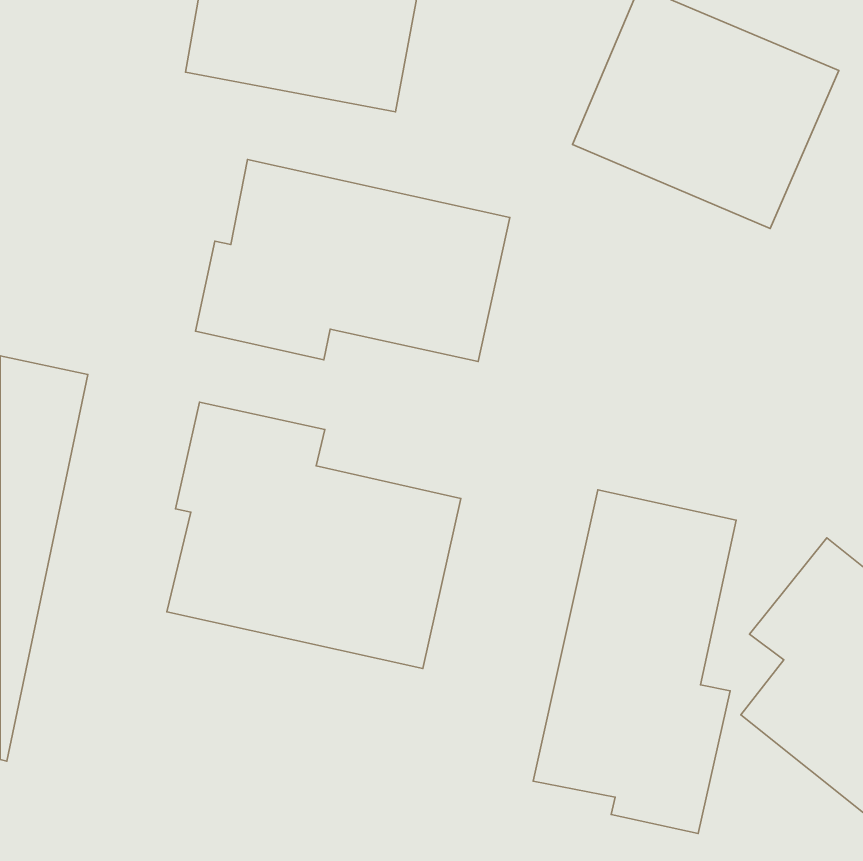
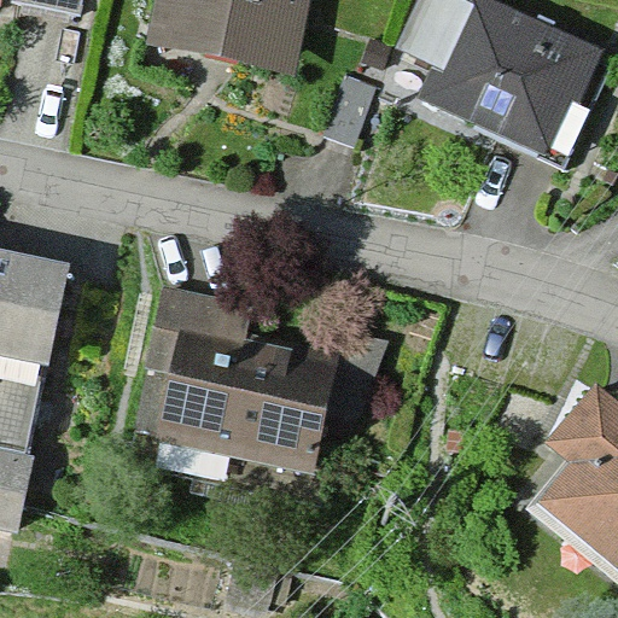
building: [195,160,510,361] -> none
building: [533,490,736,833] -> none

